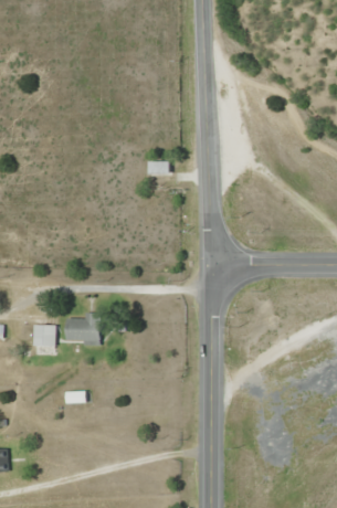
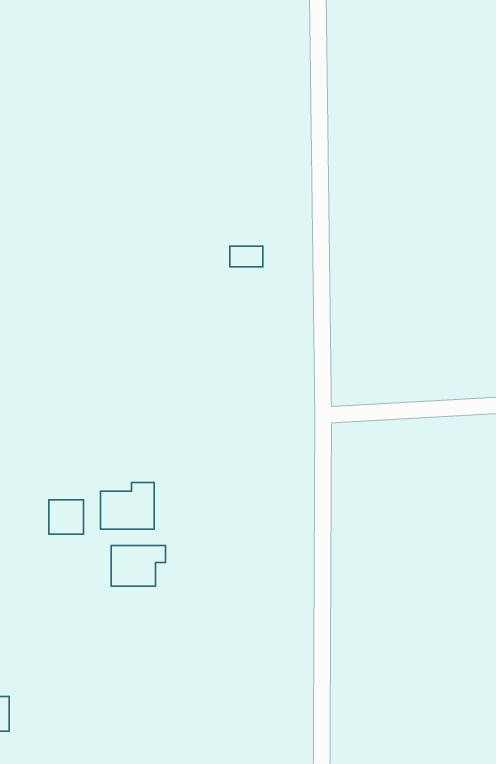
building: none -> [111,545,166,586]

